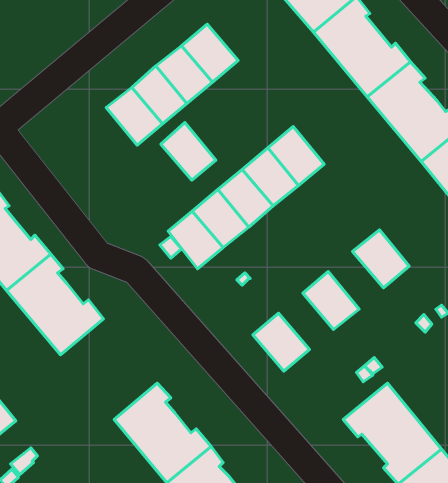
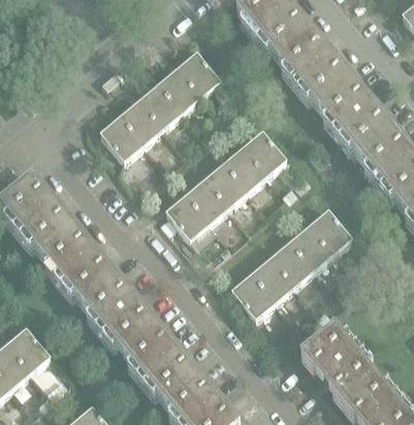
building: [161,123,216,180] -> [102,115,145,159]
building: none -> [291,225,333,269]
building: none -> [253,257,295,300]
building: none -> [86,276,160,354]

